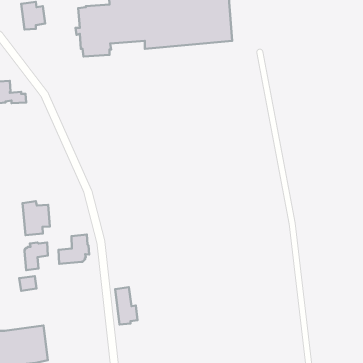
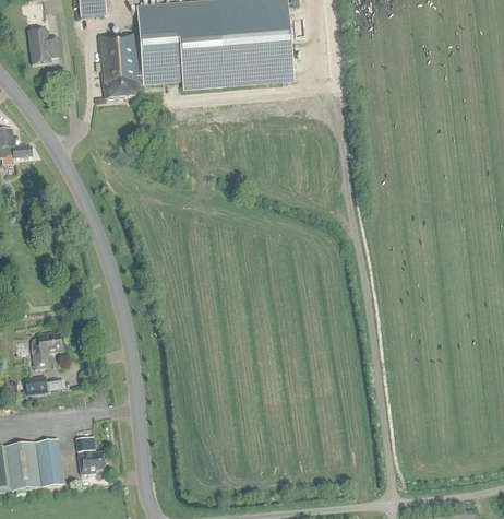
building: [23,201,50,235] -> none
building: [59,235,89,264] -> none
building: [115,287,138,324] -> [76,427,105,474]

